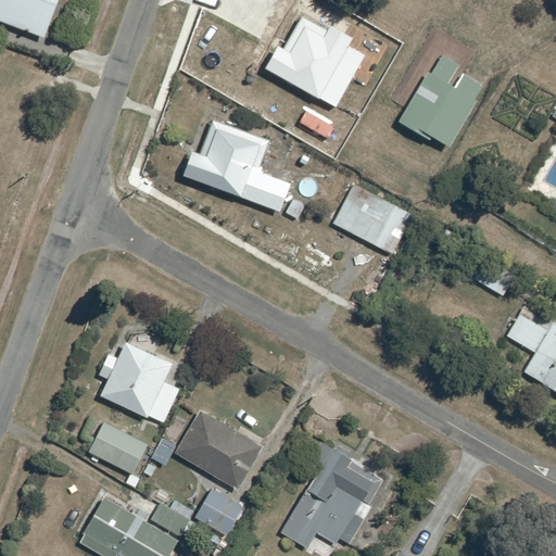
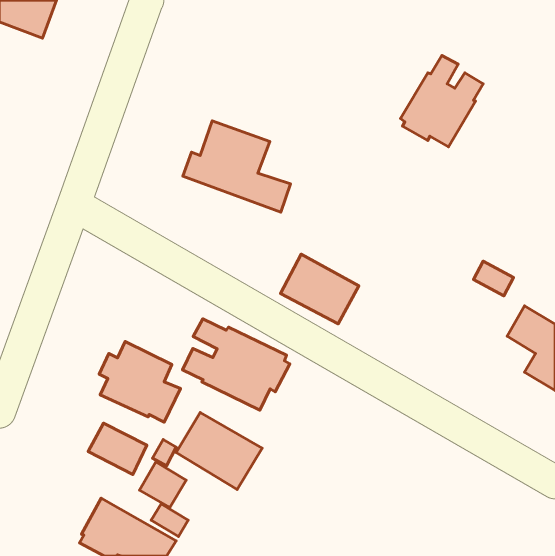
building: [264,16,364,108] -> none
building: [332,185,410,254] -> [281,254,359,324]
building: none -> [182,319,290,410]
building: [280,441,384,546] -> none
building: [195,488,242,533] -> [139,462,186,508]

